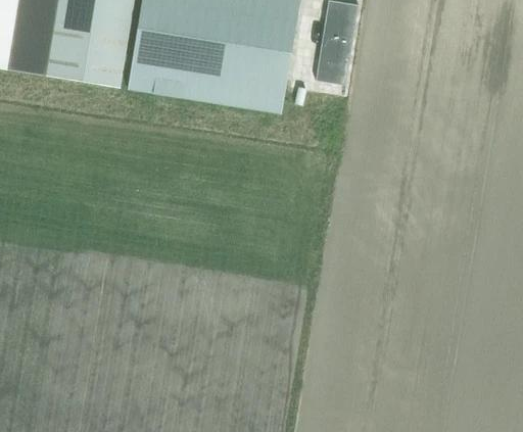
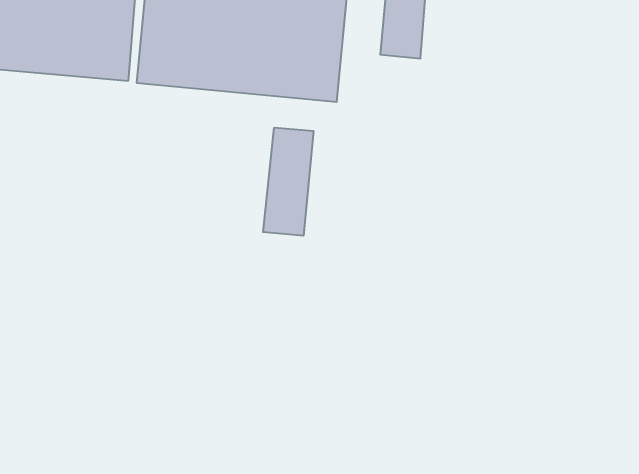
building: none -> [263,128,313,236]

